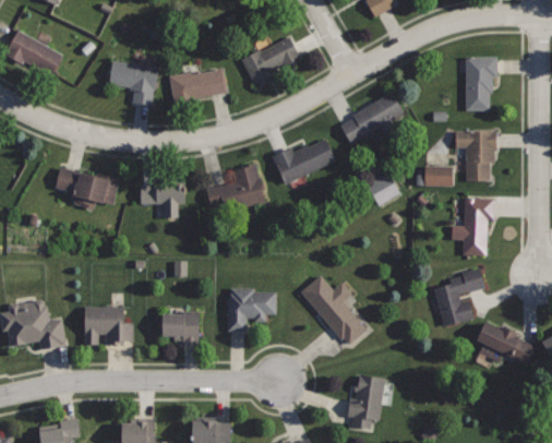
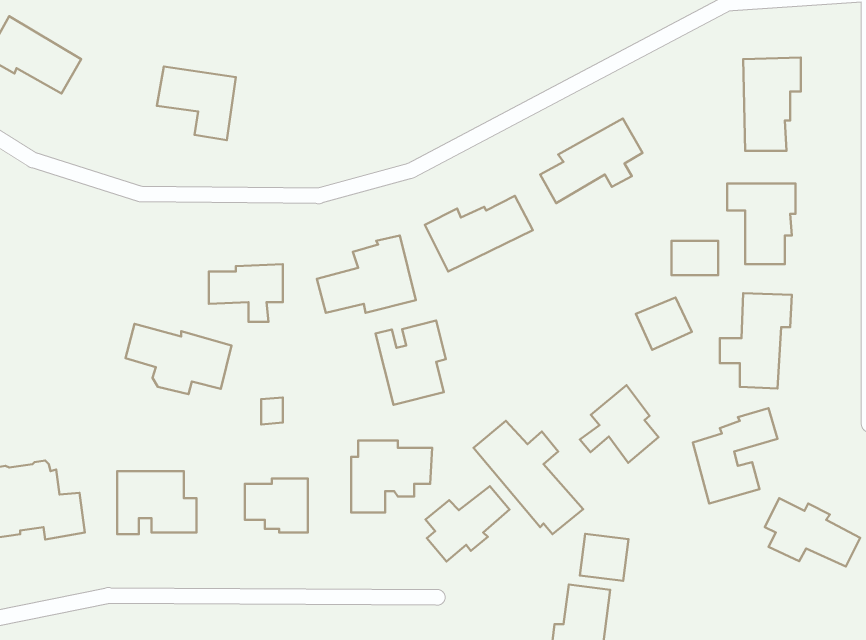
building: [240,36,301,84] -> none
building: [168,68,228,105] -> none
building: [55,166,119,208] -> [125,324,232,394]
building: [362,175,396,206] -> [636,298,692,350]
building: none -> [376,321,446,405]
building: none -> [580,385,659,463]
building: none -> [425,486,509,561]
building: none -> [580,534,629,581]

